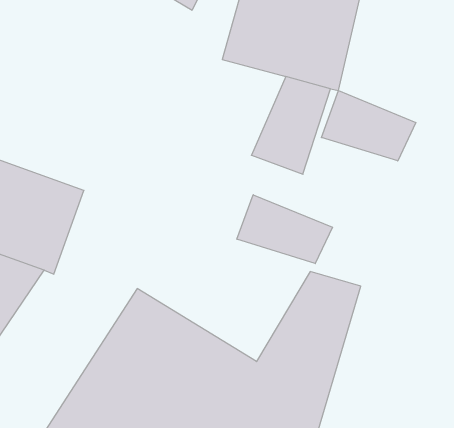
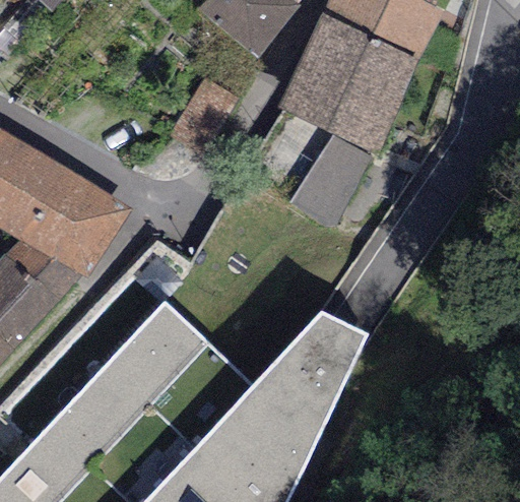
building: [321,91,416,161] -> none
building: [237,195,333,264] -> none

